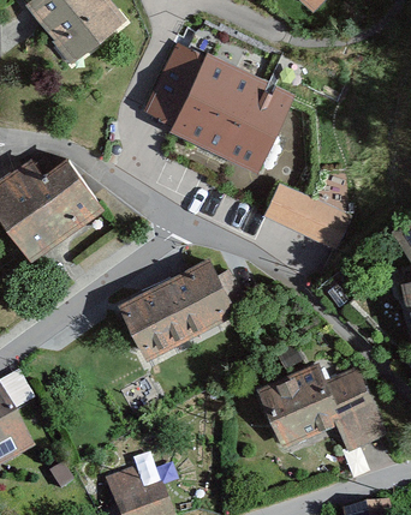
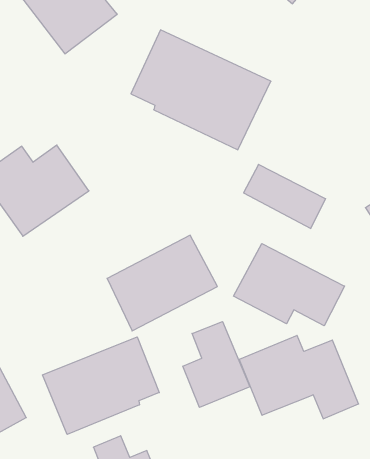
building: none -> [234,244,345,326]
building: none -> [183,322,250,407]
building: none -> [42,337,159,434]

